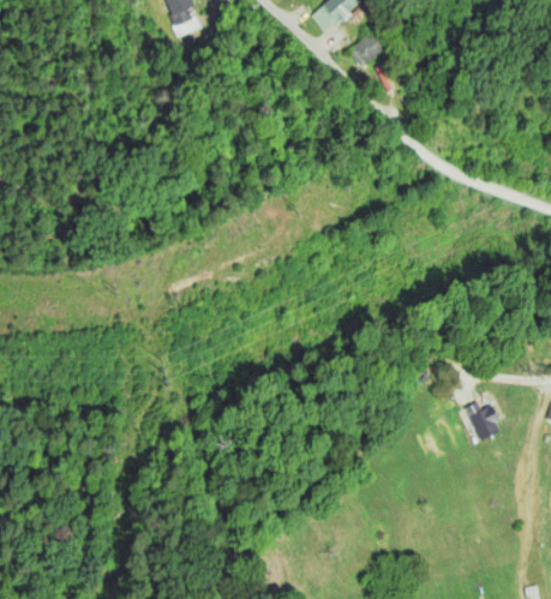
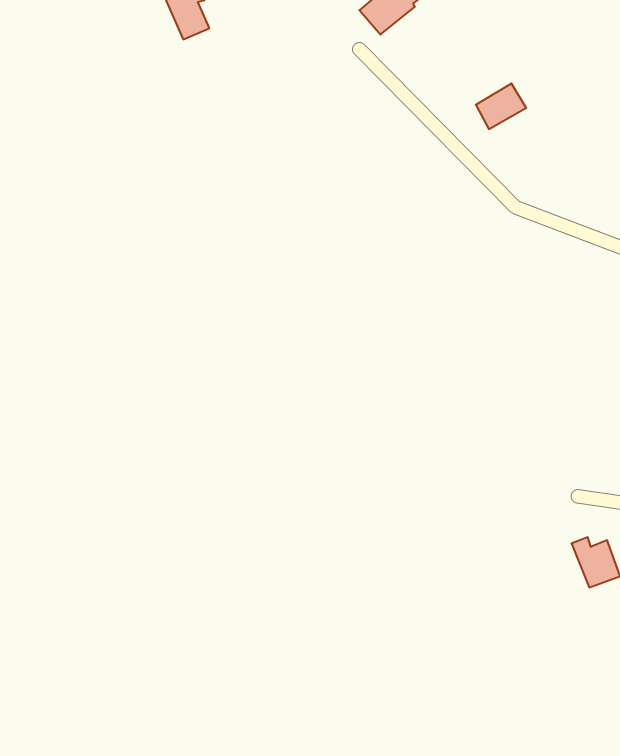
building: [348,34,385,67] -> [476,83,526,129]

